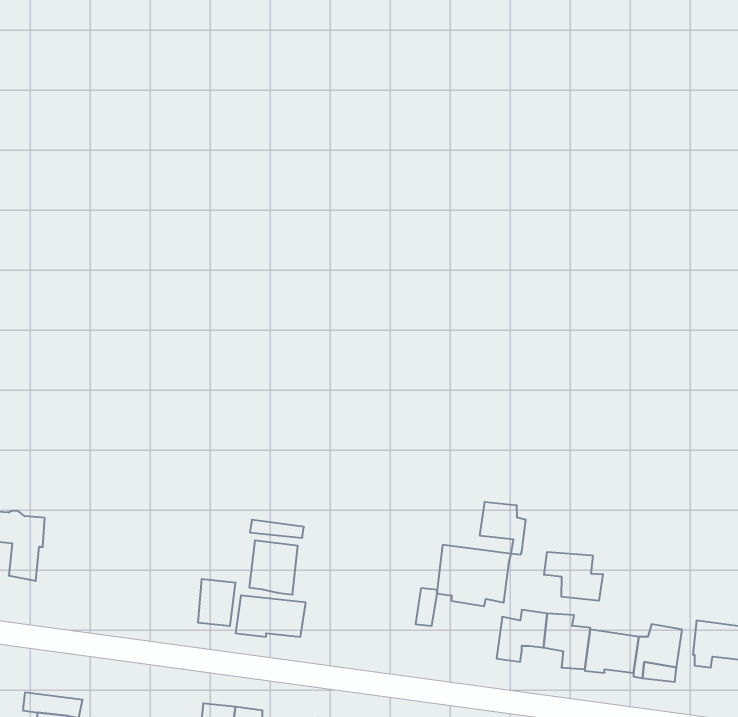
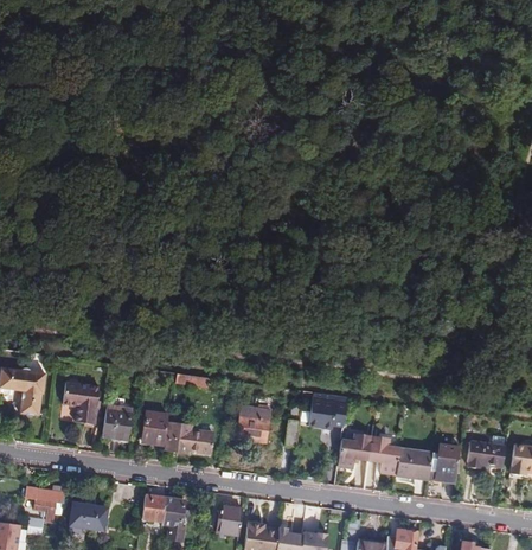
building: [480,502,526,555] -> none
building: none -> [64,383,100,426]
building: [249,541,298,595] -> [238,405,270,441]
building: [544,552,603,601] -> none
building: none -> [104,404,132,440]

